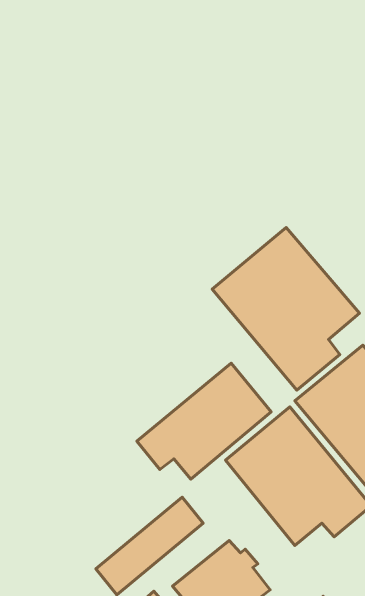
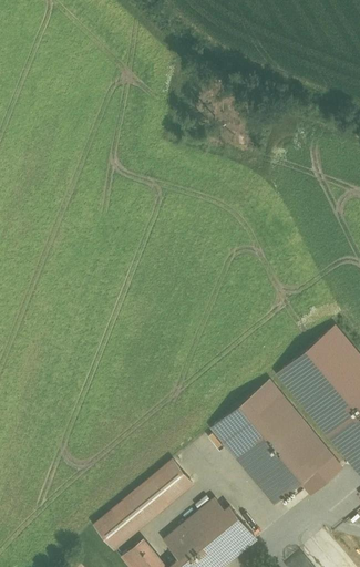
building: [212,227,359,390] -> none
building: [137,363,271,479] -> none

